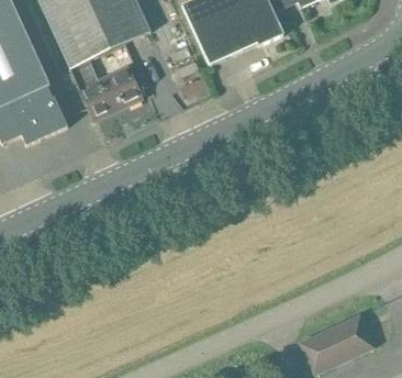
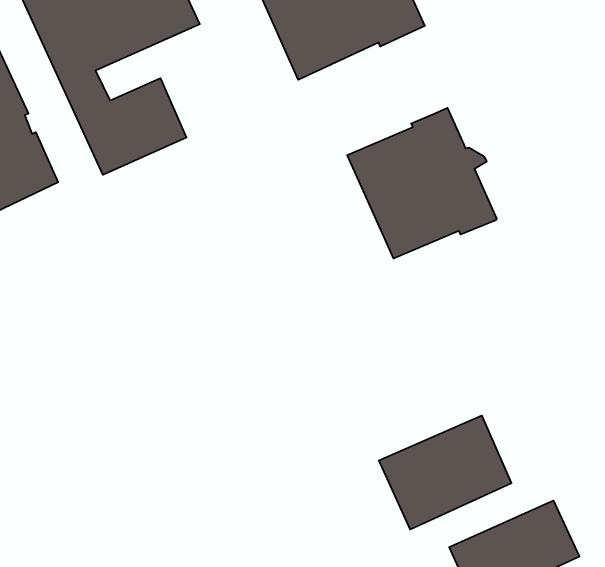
building: none -> [347,108,497,258]
building: none -> [379,415,512,530]

